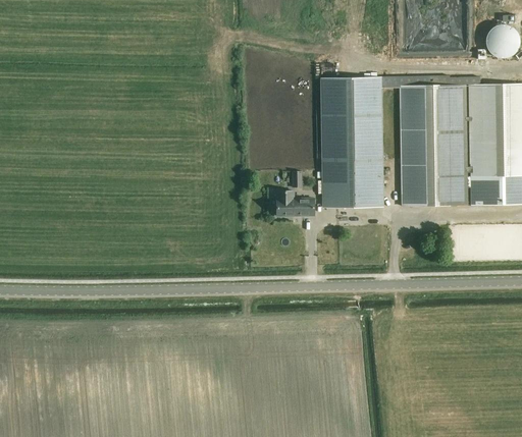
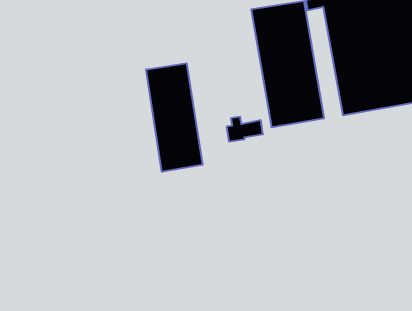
building: none -> [146,63,202,172]

